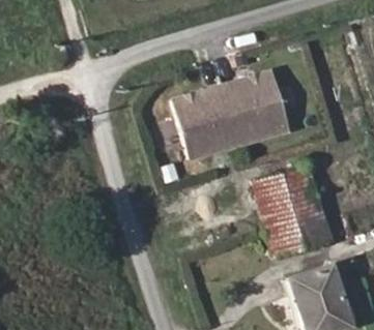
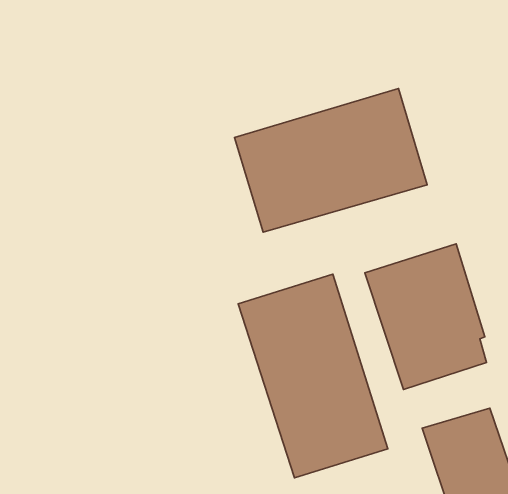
building: none -> [238,274,388,478]

